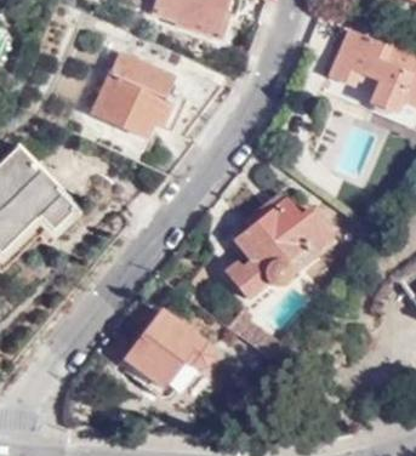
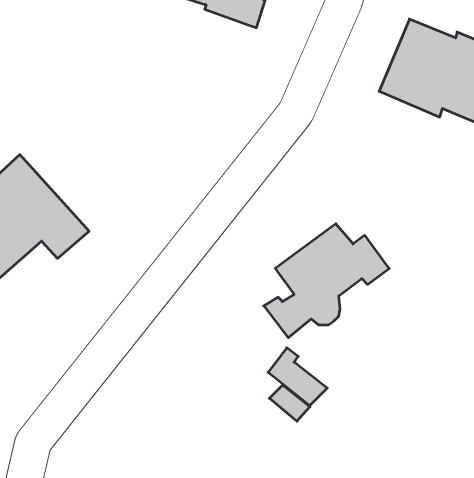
building: [93,51,176,133] -> none
building: [129,309,213,386] -> none

